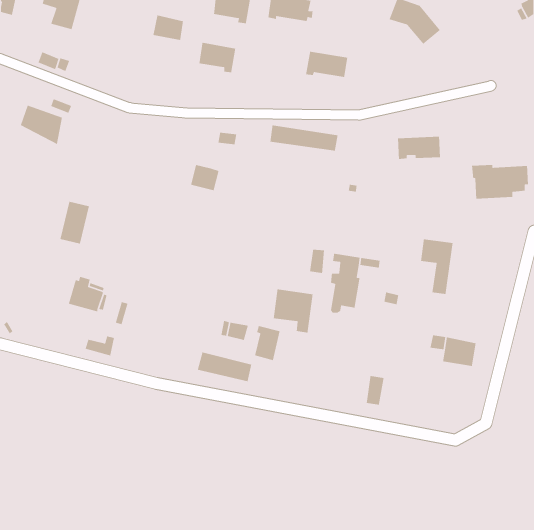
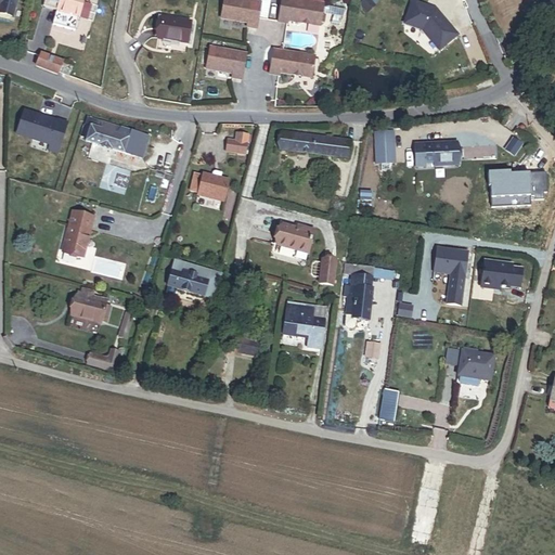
building: [305,51,348,78] -> [269,47,313,75]
building: none -> [80,114,144,157]
building: none -> [373,128,396,167]
building: none -> [276,221,314,250]
building: none -> [167,258,220,297]
building: none -> [481,260,522,288]
building: [254,325,281,361] -> none
building: [197,351,252,382] -> none

